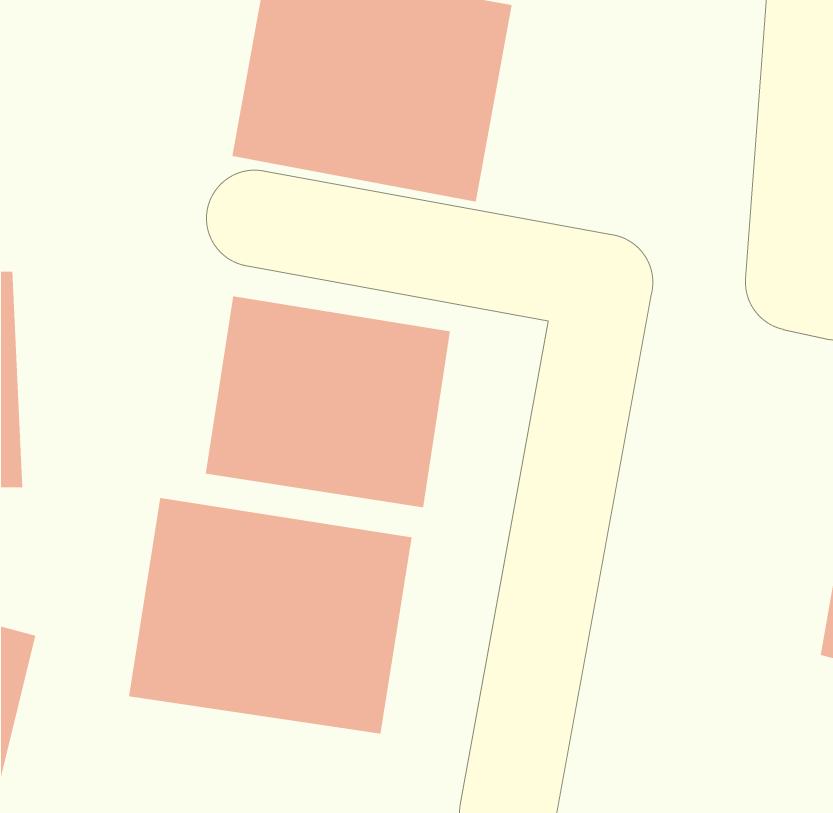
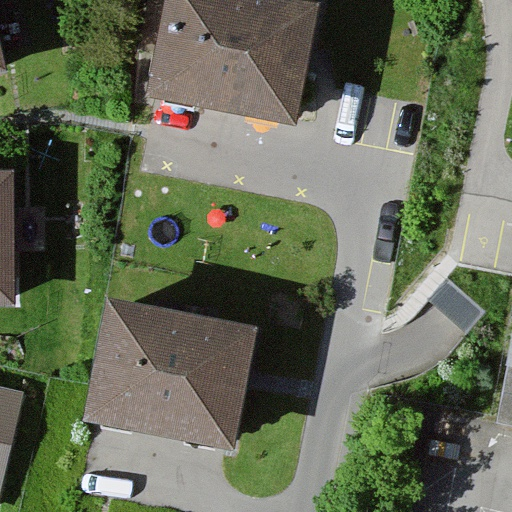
building: [205,296,451,508] -> none

